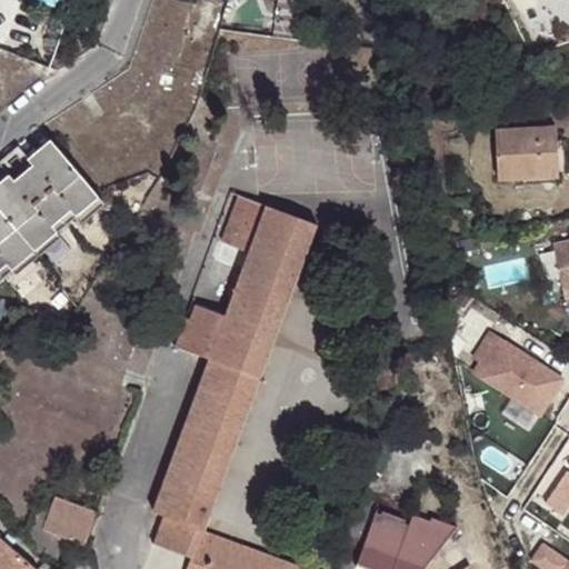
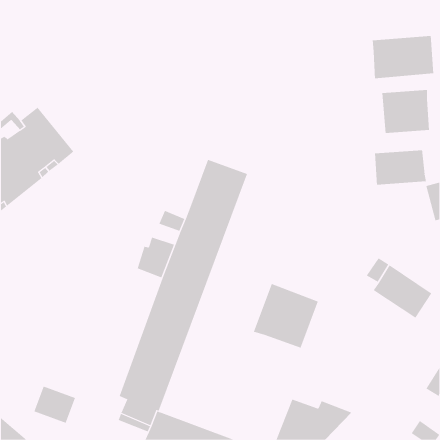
building: none -> [372,35,434,79]
building: none -> [375,150,426,186]
building: [216,196,268,268] -> none
building: none -> [253,283,319,348]

